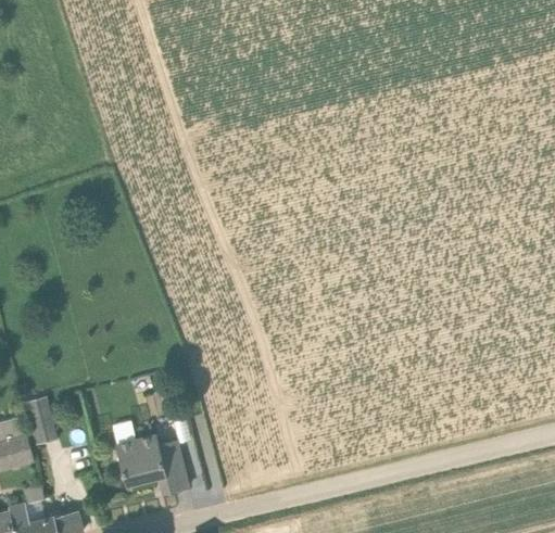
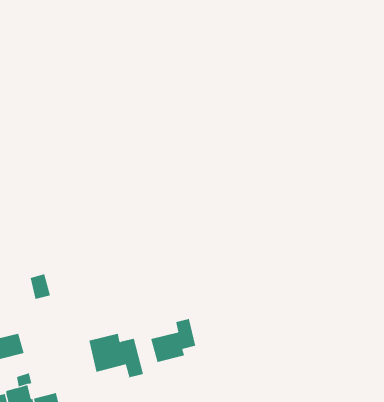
building: [29,411,56,445] -> [30,274,51,300]
building: none -> [151,318,196,363]

